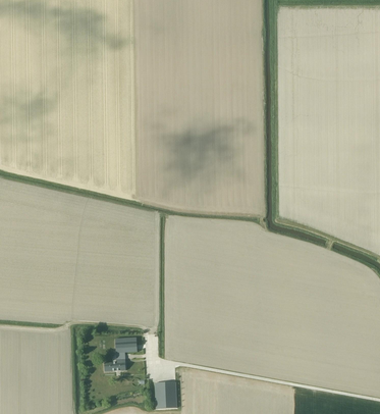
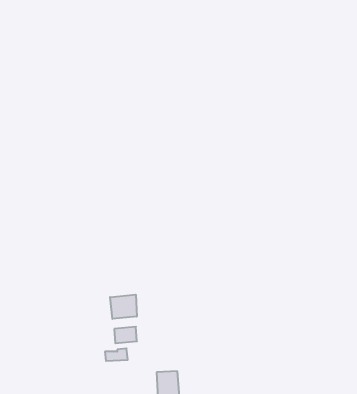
building: none -> [110,295,137,319]

